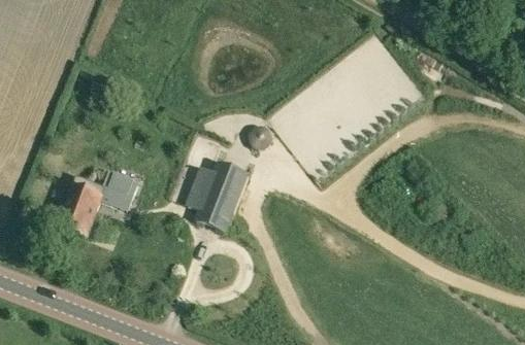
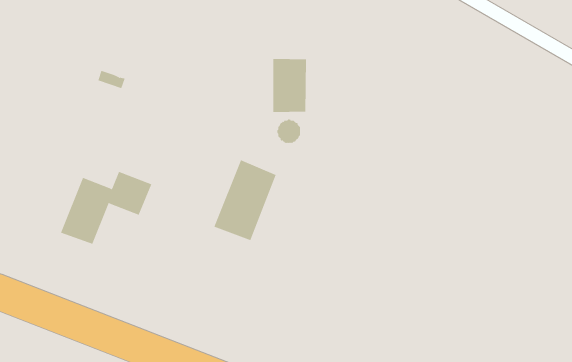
building: none -> [273,58,307,113]

